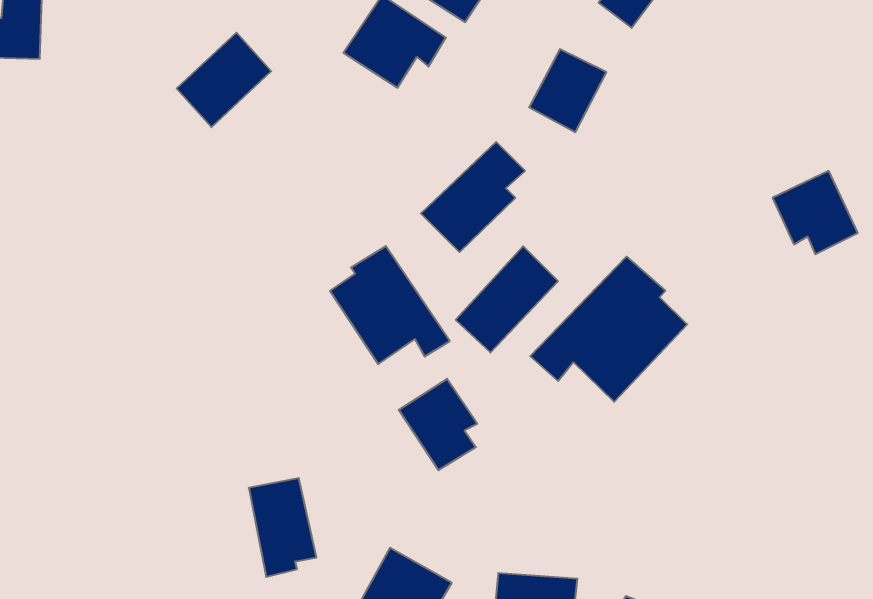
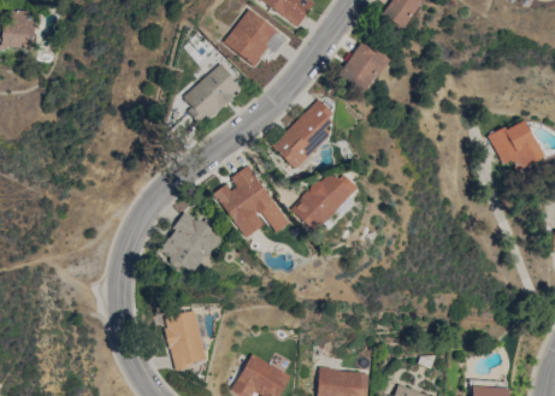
building: [177,33,271,127] -> [183,63,242,122]
building: [530,257,687,402] -> none
building: none -> [159,211,222,274]
building: [399,379,477,470] -> none

